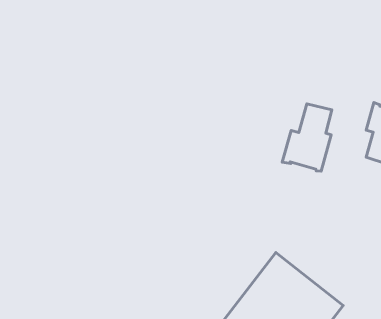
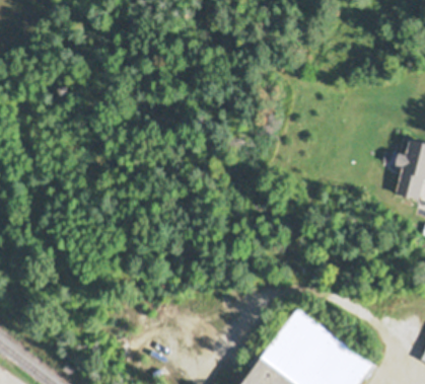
building: [282,104,332,171] -> none

